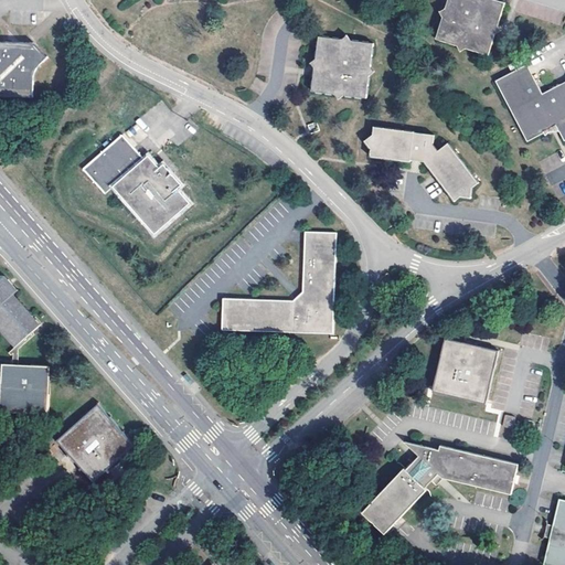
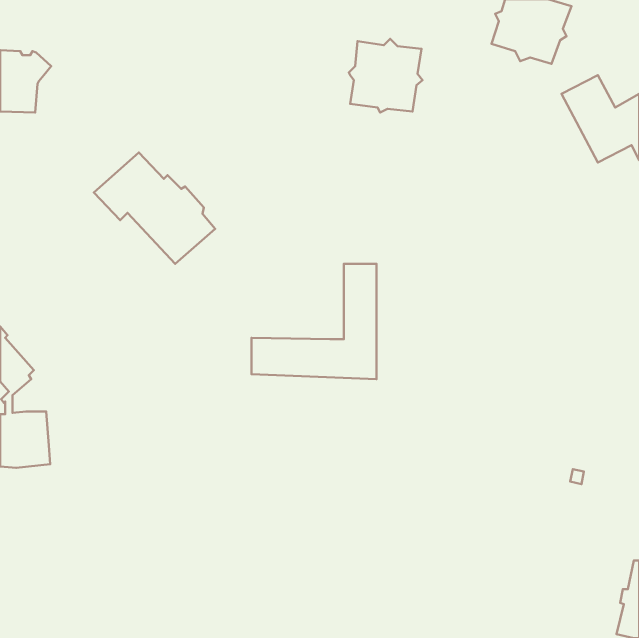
building: [363,127,477,201] -> none
building: [433,337,498,402] -> none
building: [60,412,132,484] -> none
building: [360,441,520,525] -> none

